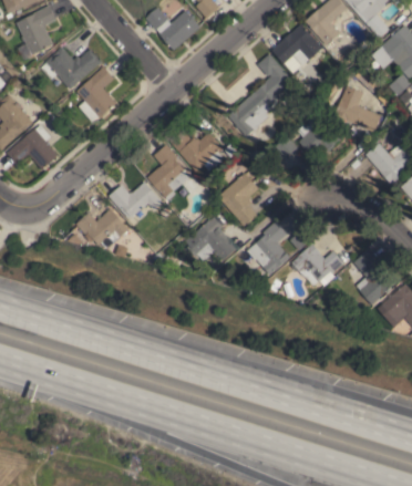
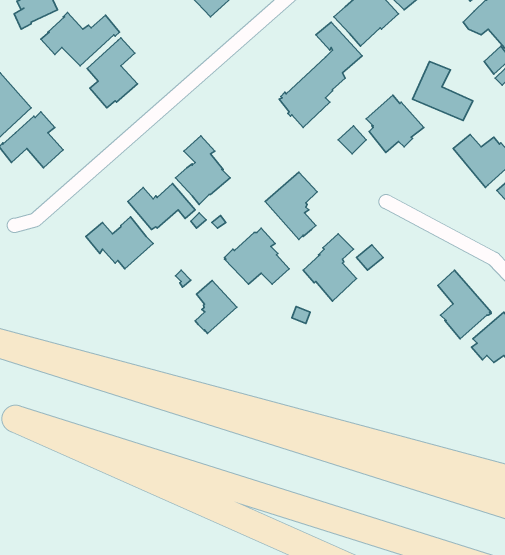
building: [171,131,224,170] -> none
building: [291,244,344,286] -> none
building: none -> [195,281,237,333]

